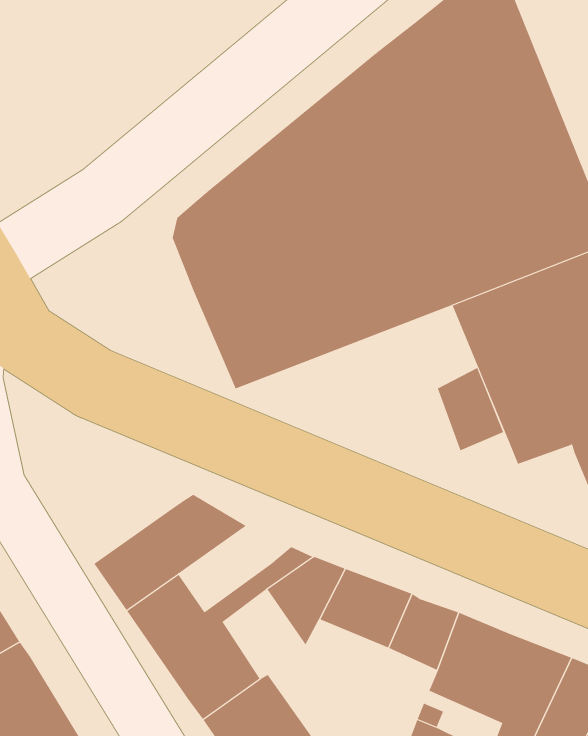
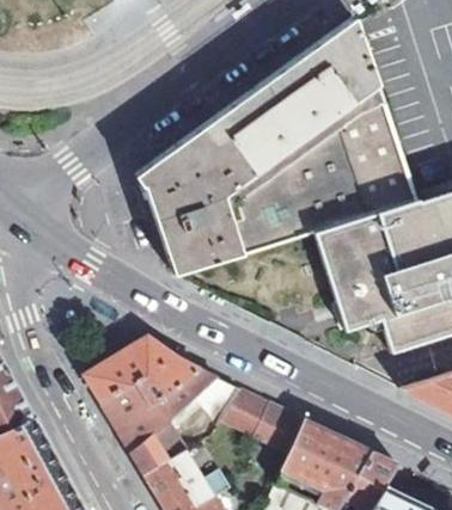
building: [437,367,504,451] -> none
building: none -> [135,358,204,408]

